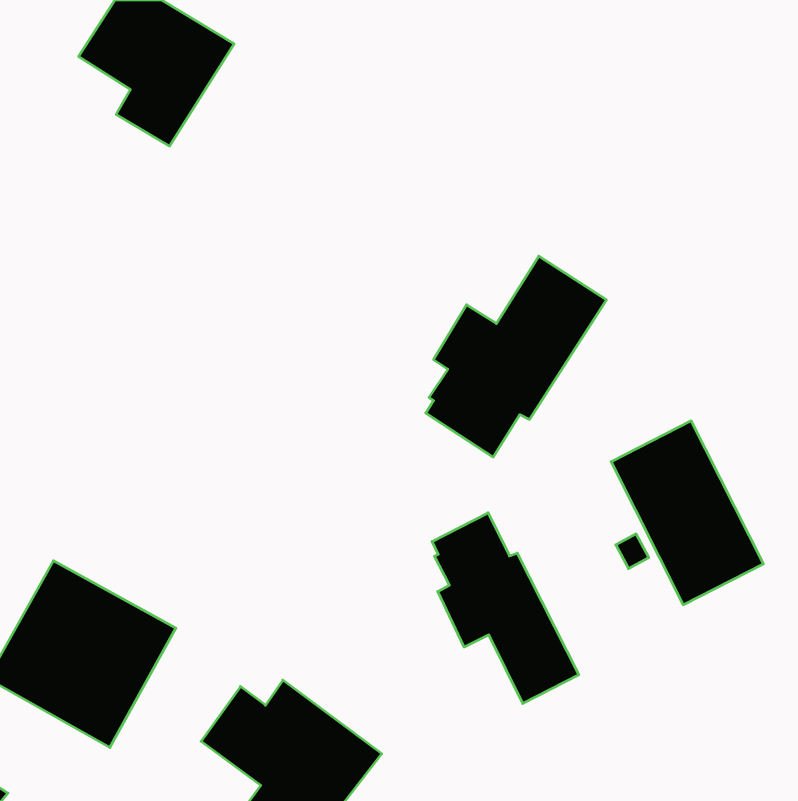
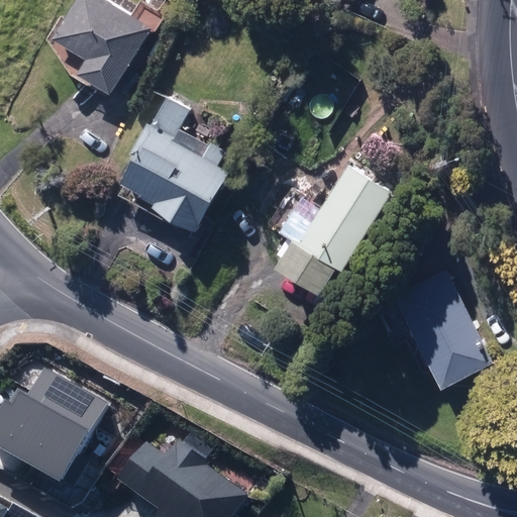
building: none -> [117,99,227,231]
building: [432,513,579,704] -> none

